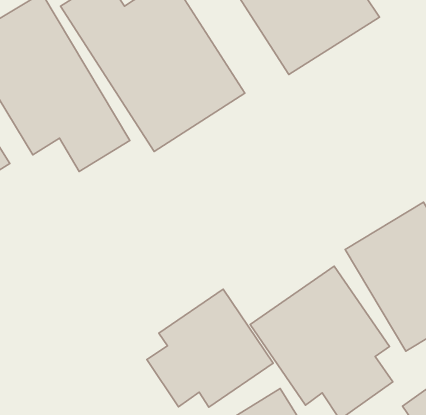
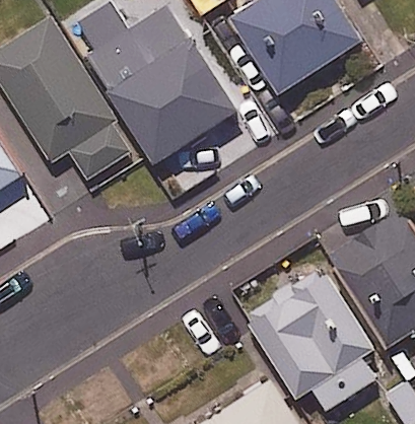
building: [147,289,273,407] -> none

